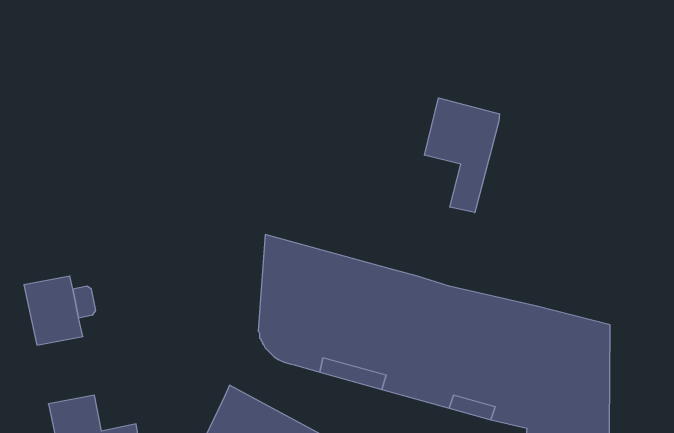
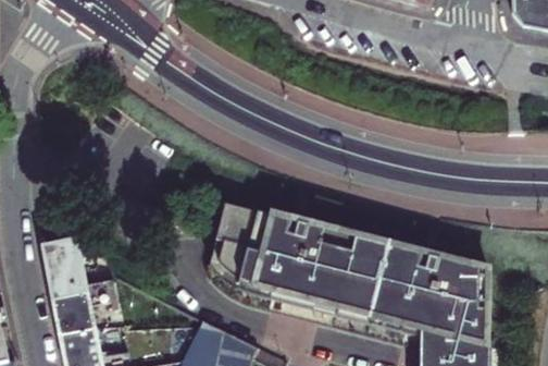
building: [425,98,499,213] -> none
building: none -> [51,277,109,329]

